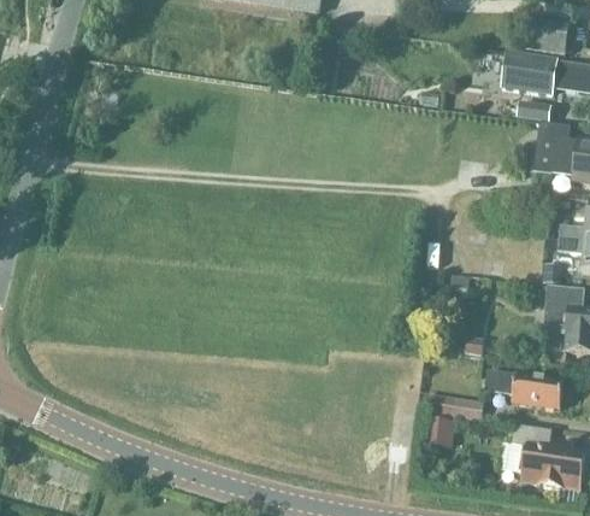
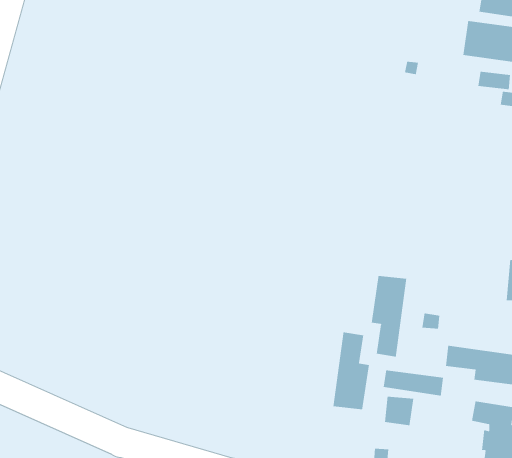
building: none -> [371,275,407,357]
building: none -> [333,332,369,410]

